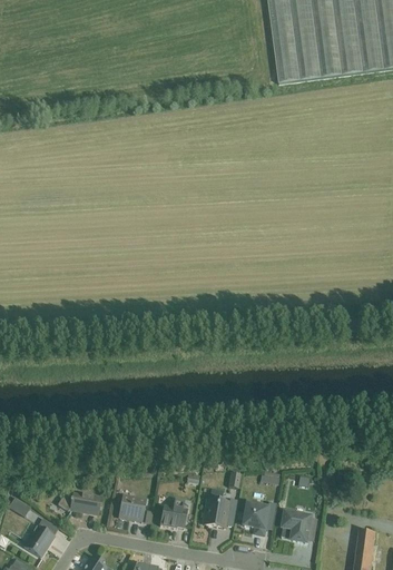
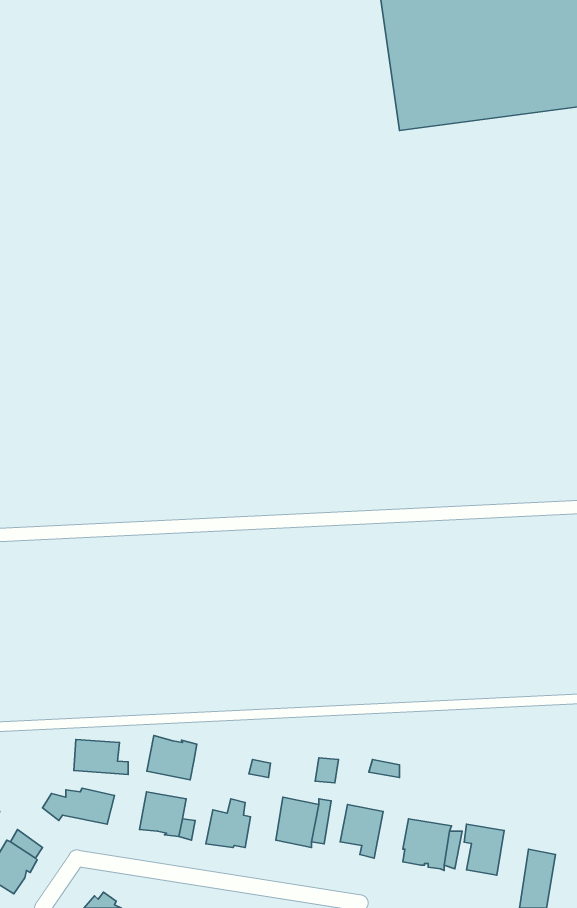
building: none -> [147,736,197,780]
building: none -> [74,739,128,774]
building: none -> [464,824,504,875]

